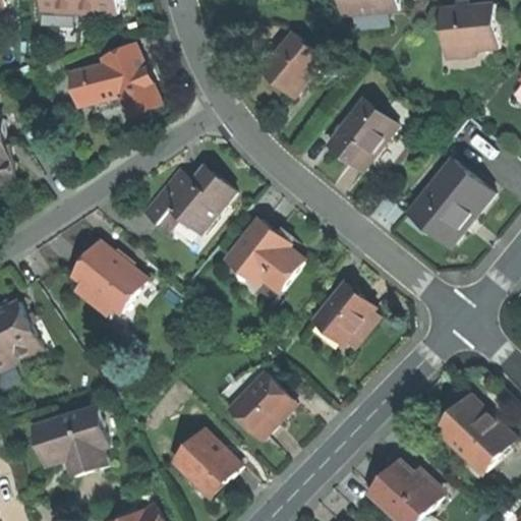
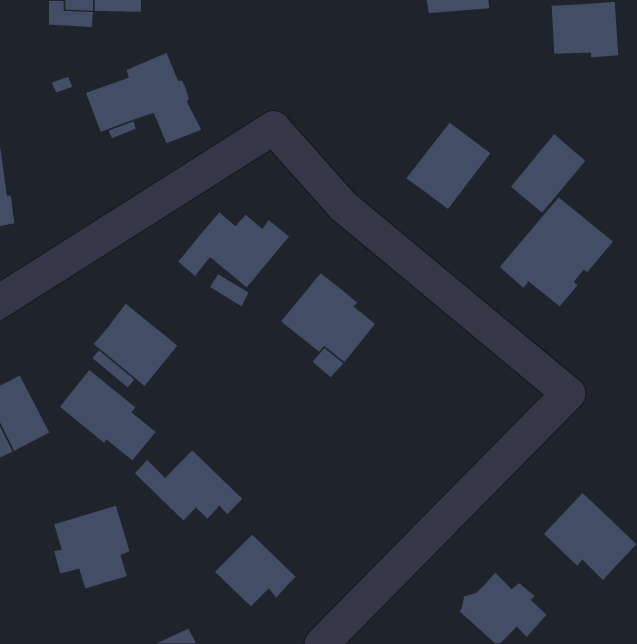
building: [260,31,322,93] -> none
building: none -> [510,133,586,214]
building: [313,282,373,343] -> none
building: none -> [59,369,157,462]
building: none -> [134,450,243,521]
building: [230,373,293,439] -> none

